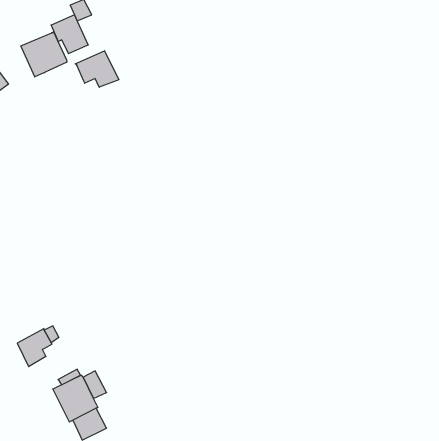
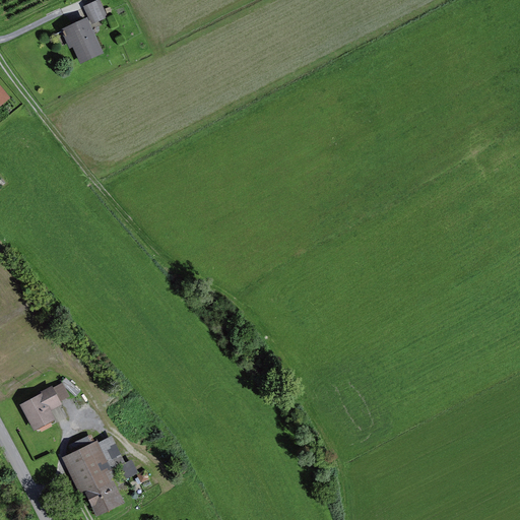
building: [21,32,67,77] -> none
building: [75,51,119,87] -> none

